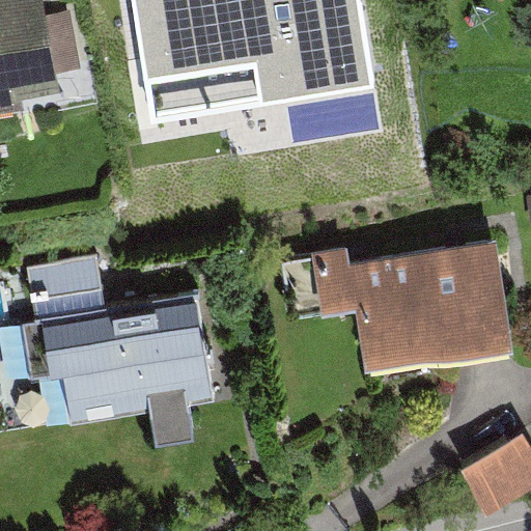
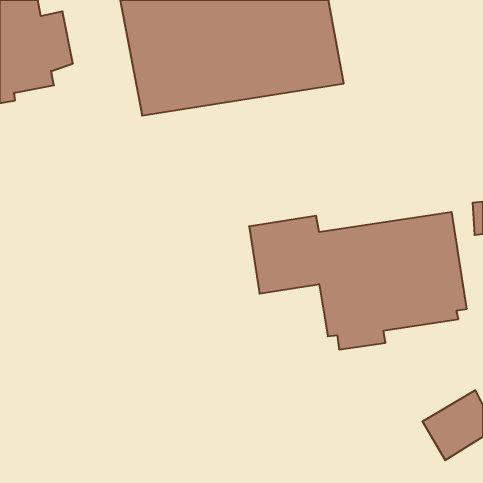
building: [22,253,213,435] -> none

